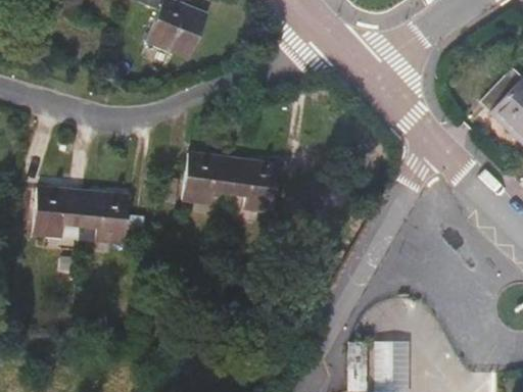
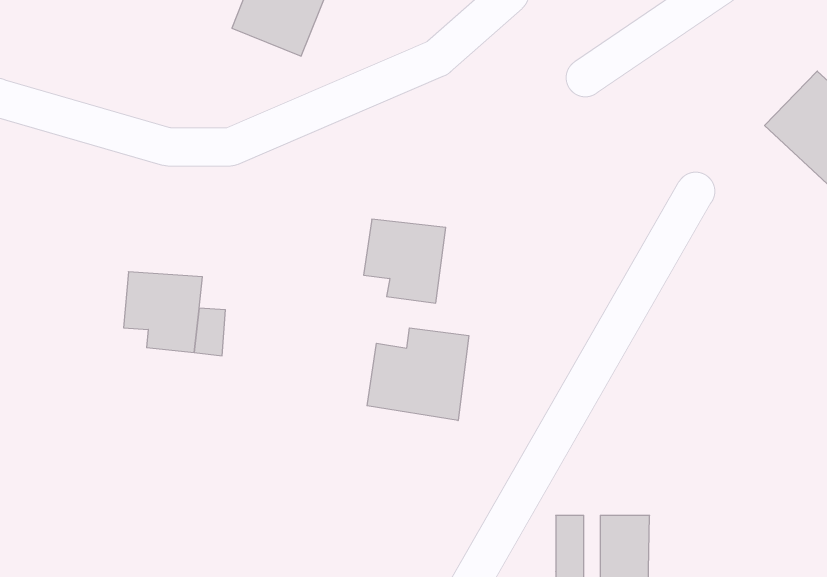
building: [183,153,235,203] -> none
building: [34,187,84,236] -> none
building: none -> [367,328,469,421]

